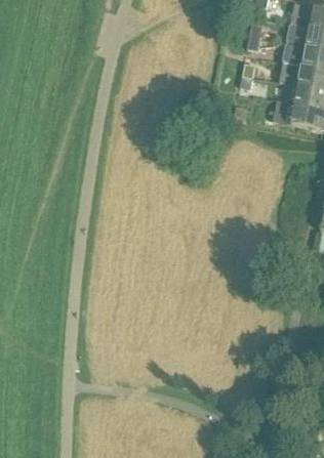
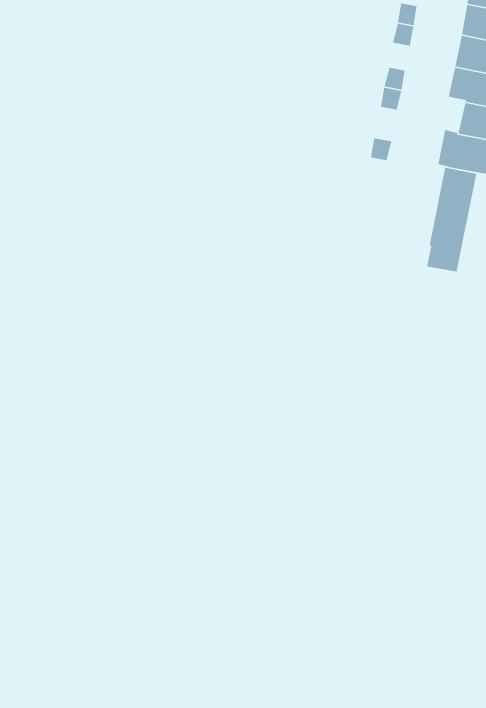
building: none -> [426,167,477,272]

